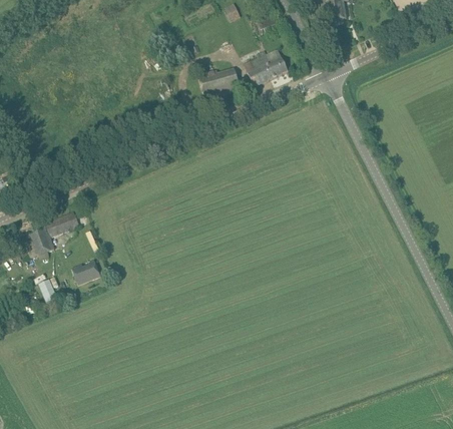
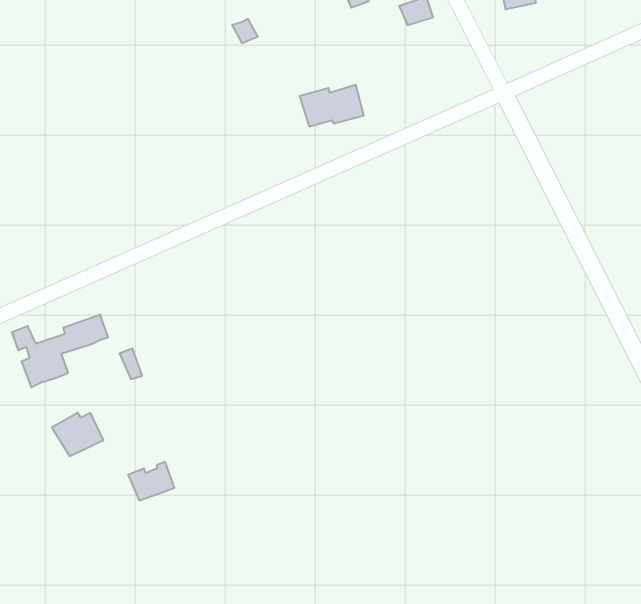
building: [244,50,288,86] -> none
building: [71,260,100,284] -> [128,462,175,501]

